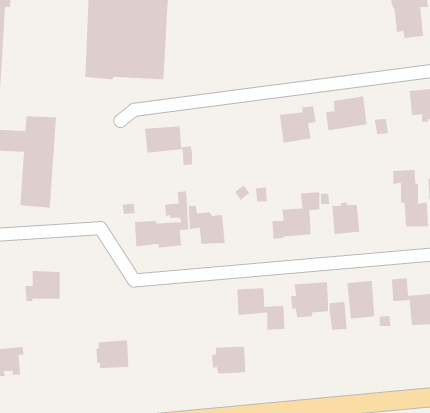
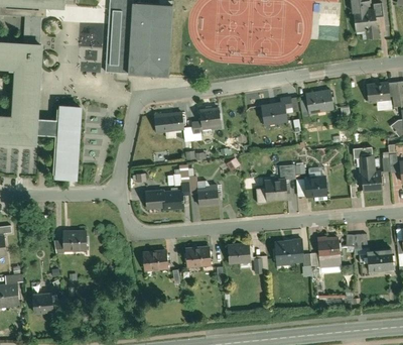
building: none -> [190,107,222,134]
building: [95,340,129,368] -> [140,249,167,272]
building: [211,346,246,374] -> [182,246,211,268]

